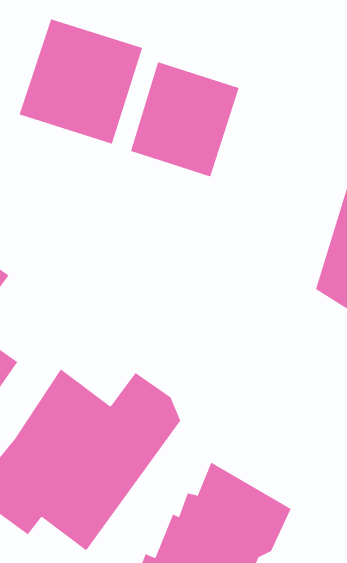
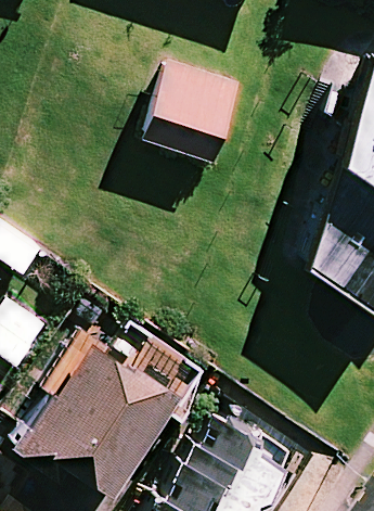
building: [19,19,143,144] -> none

